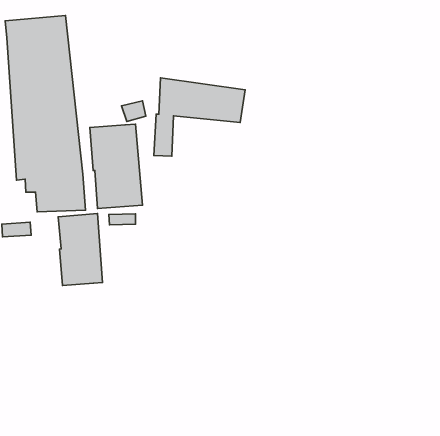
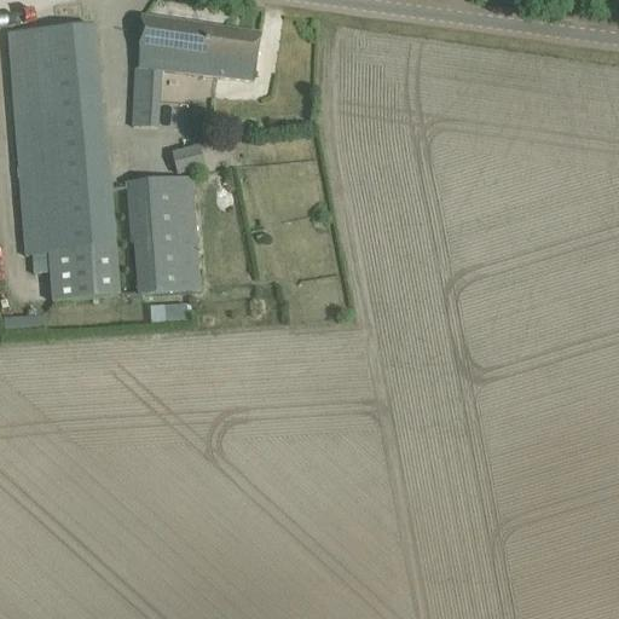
building: [154,78,245,156] -> [132,15,260,125]
building: [58,214,103,286] -> none

